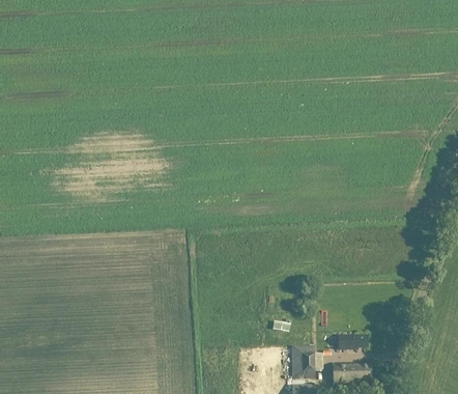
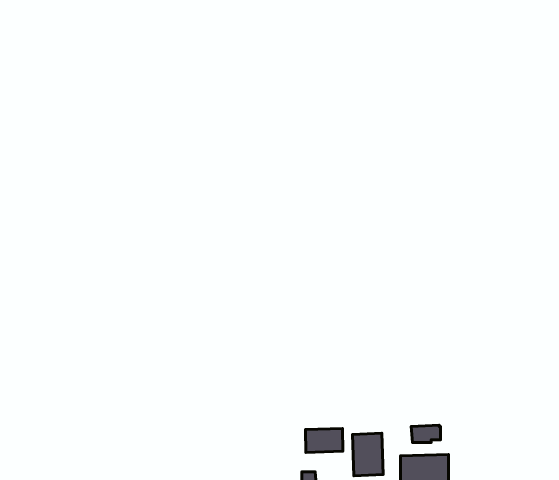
building: none -> [305,428,343,452]

